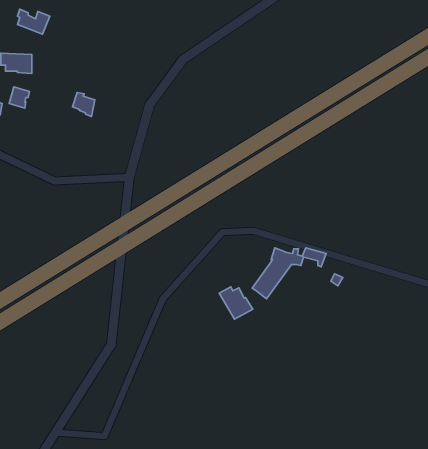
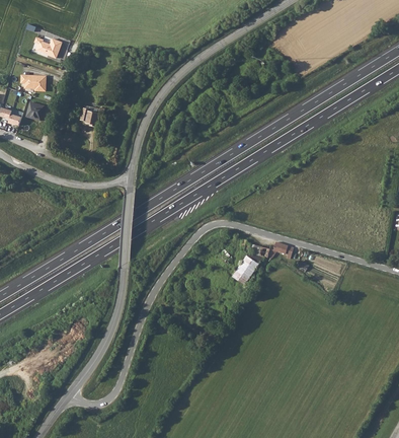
building: [219,287,253,319] -> none

